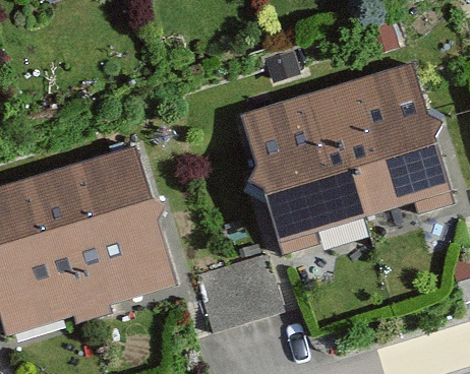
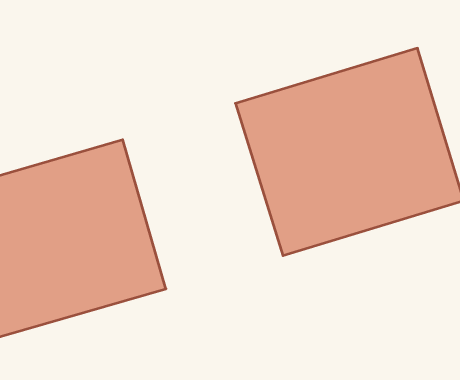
building: [196,250,277,324] -> none

